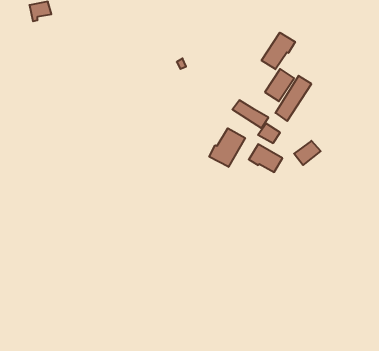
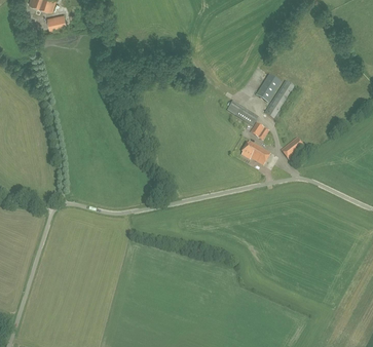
building: [262,33,295,69] -> none
building: [209,128,245,167] -> none

